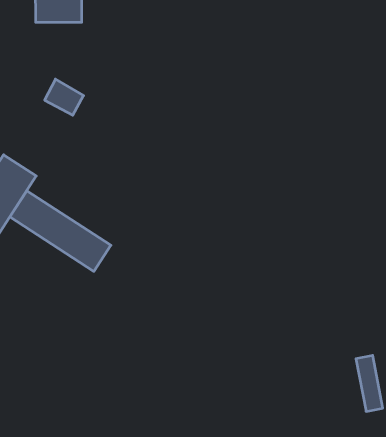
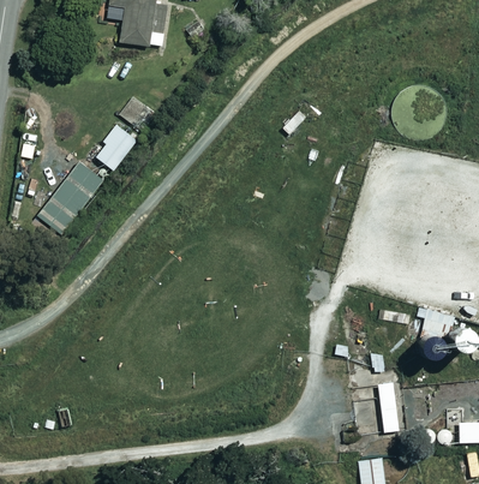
building: none -> [96,125,137,171]
building: [10,191,111,271] -> none

